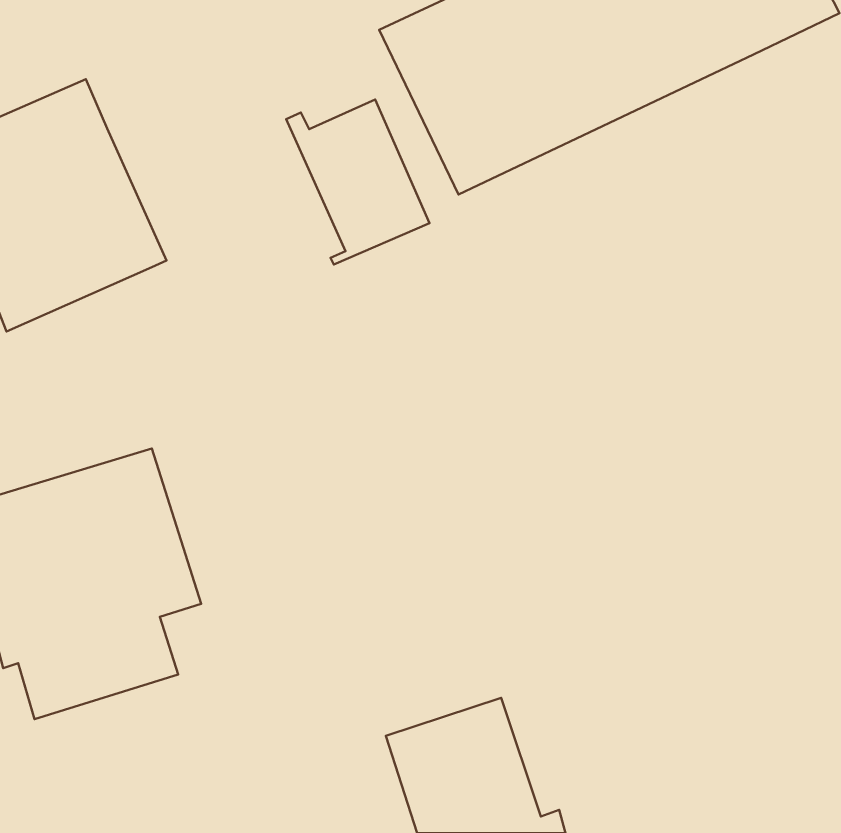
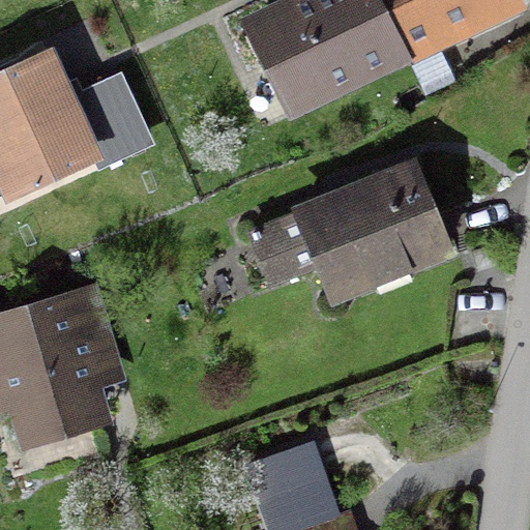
building: [286,99,430,264] -> [67,68,157,172]
building: none -> [246,157,455,307]

